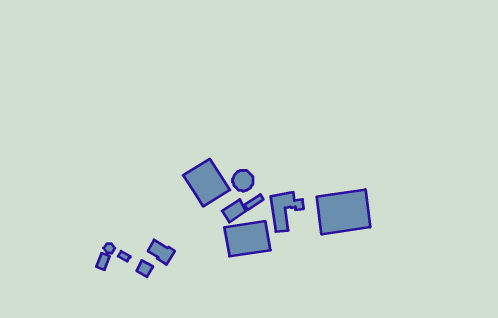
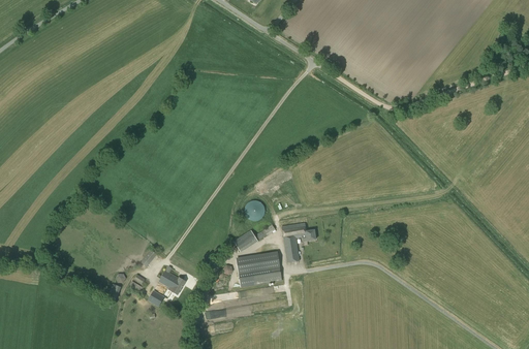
building: [183,159,230,206] -> none
building: [317,189,370,234] -> none

